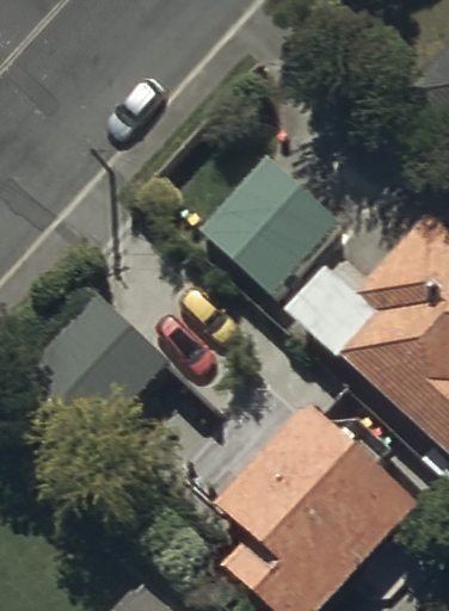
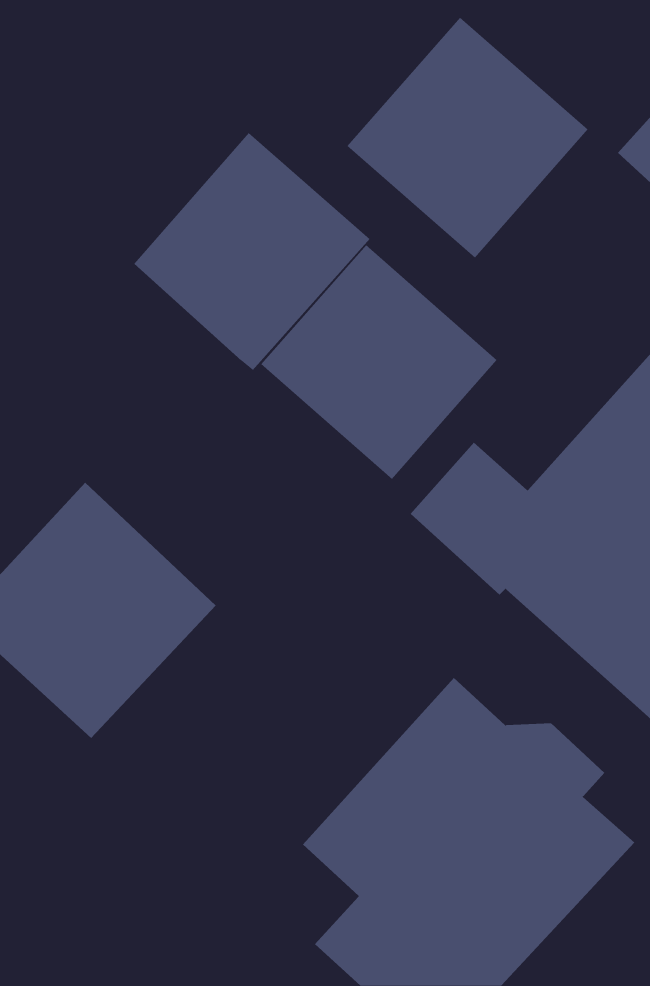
building: none -> [346,17,589,259]
building: none -> [133,132,370,371]

